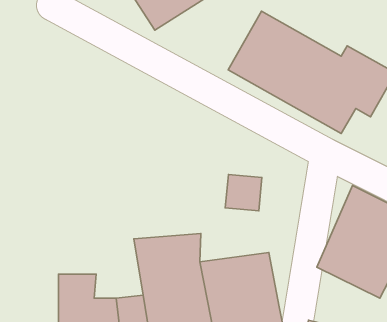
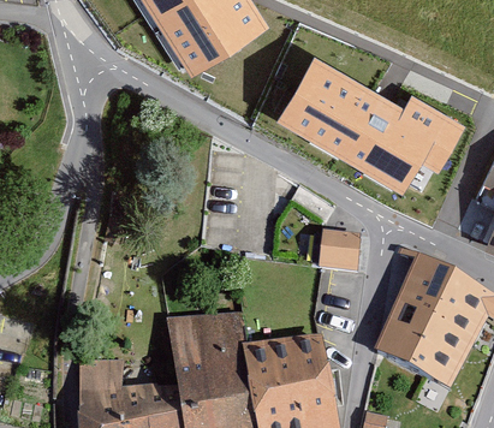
building: [225,174,262,211] -> [319,228,361,271]

